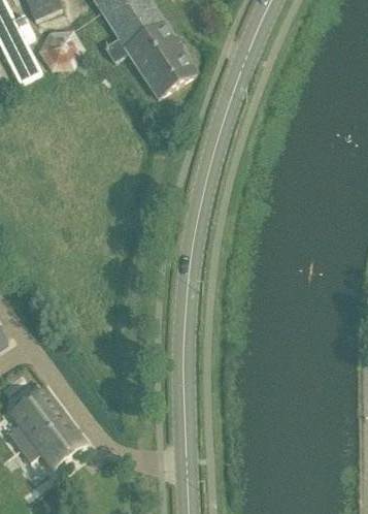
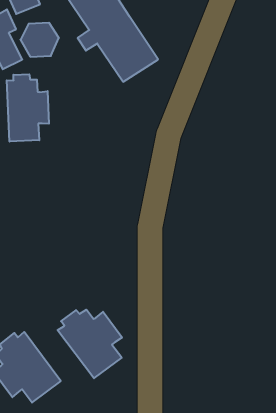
building: none -> [7,74,49,142]
building: none -> [58,310,122,378]

